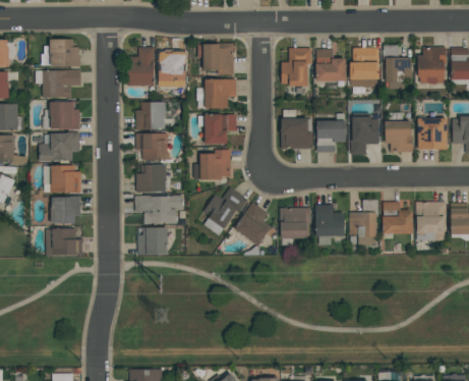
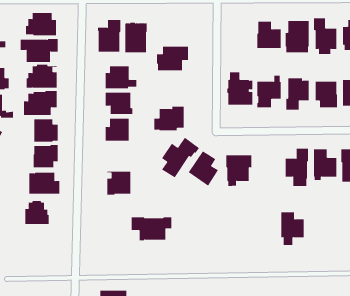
building: [198,43,234,74] -> none
building: [282,48,312,87] -> none
building: [199,113,236,144] -> none
building: [135,196,184,224] -> [131,217,172,241]
building: [316,205,345,244] -> [280,212,304,245]
building: none -> [25,200,49,225]

